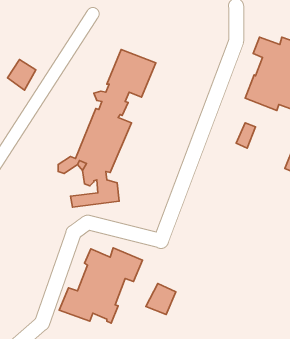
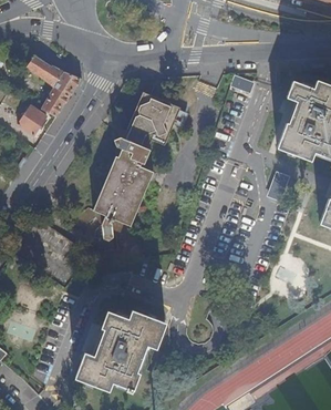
building: none -> [28,55,82,116]
building: [146,284,176,315] -> none

